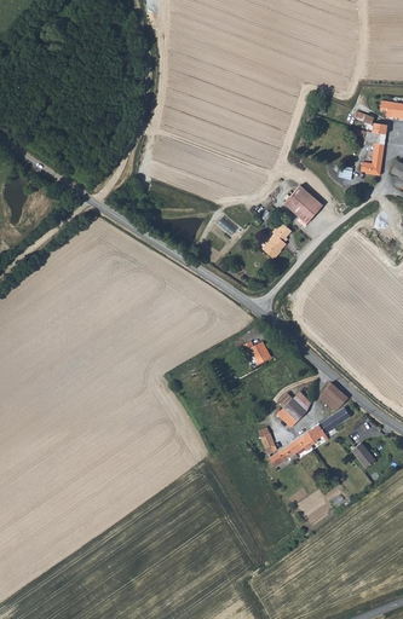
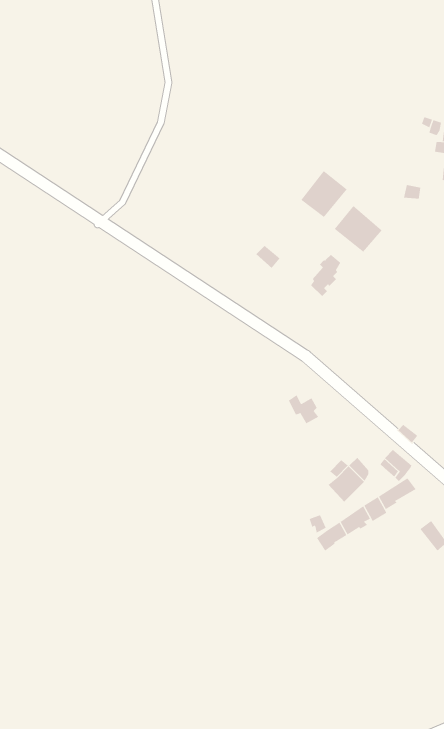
building: none -> [301,170,348,218]

